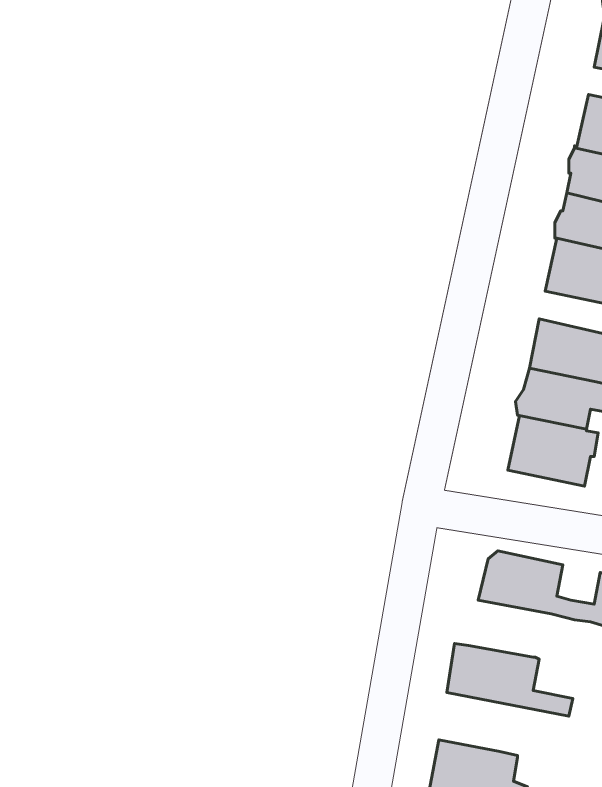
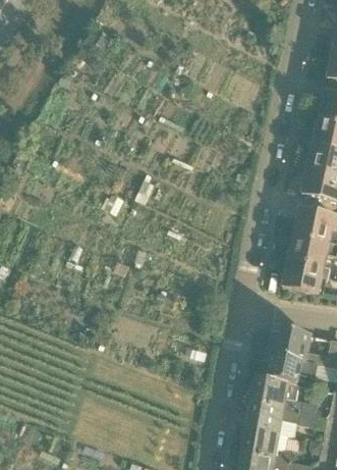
building: none -> [263,353,318,382]
building: none -> [247,401,315,431]

